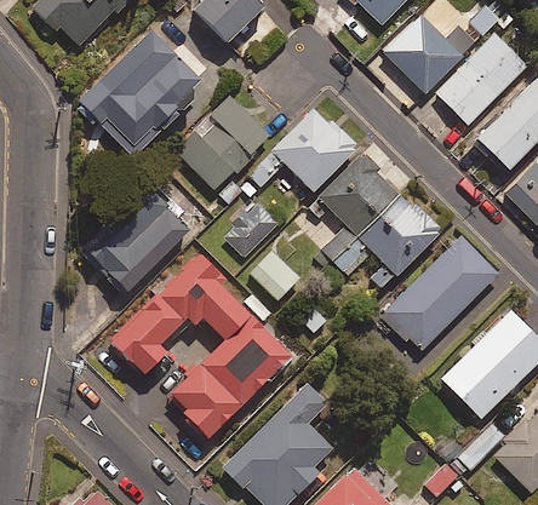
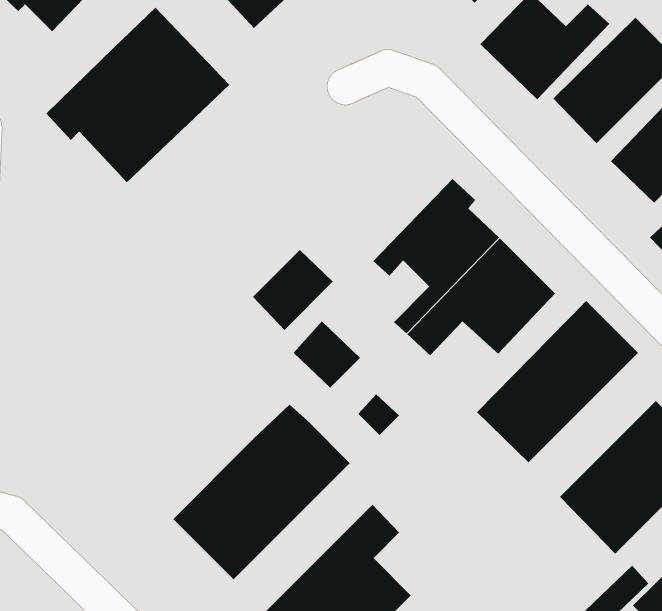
building: [174,96,270,191] -> none
building: [247,107,356,190] -> none
building: [81,183,190,292] -> none
building: [111,251,248,375] -> none

